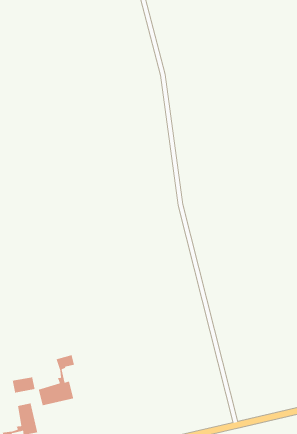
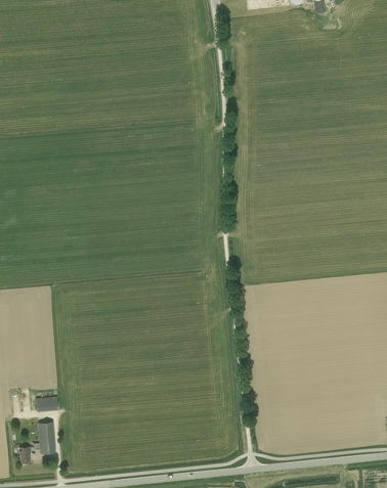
building: [38,354,75,406] -> none

